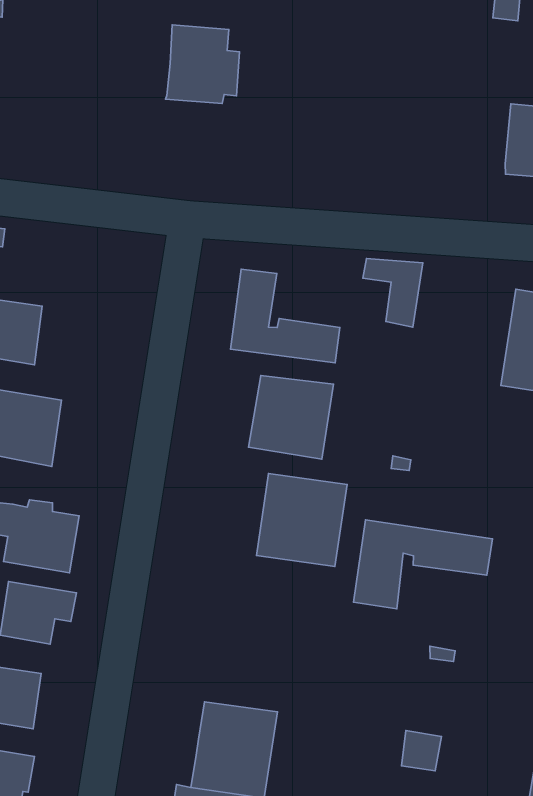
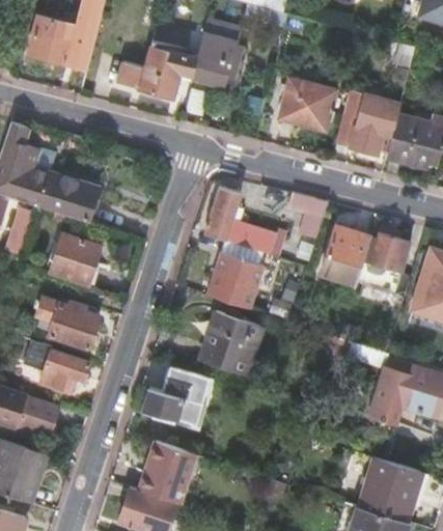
building: none -> [121,41,198,97]
building: none -> [279,77,336,131]
building: none -> [336,89,400,155]
building: none -> [322,224,372,282]
building: [354,520,493,609] -> none
building: none -> [144,367,199,425]

